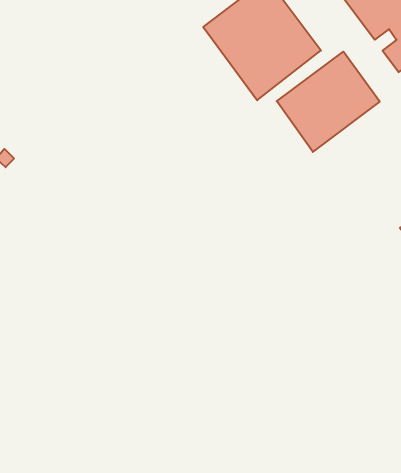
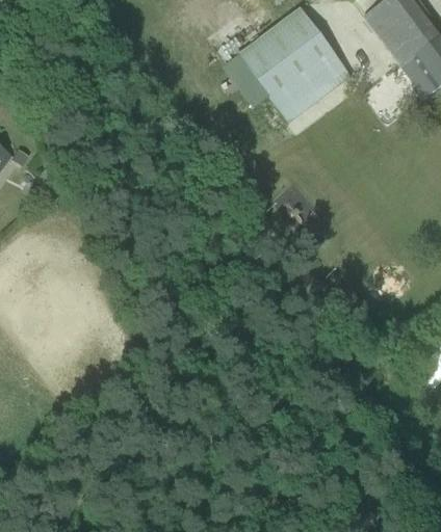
building: [277,52,380,152] -> none

